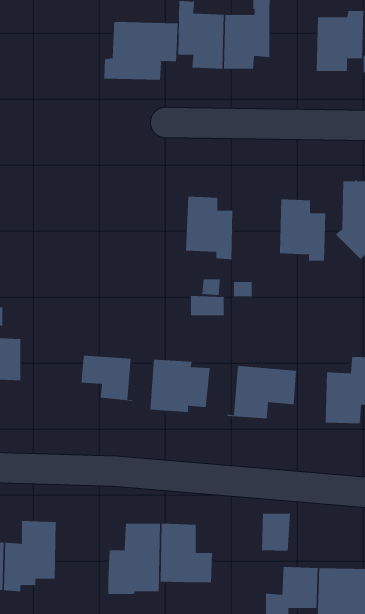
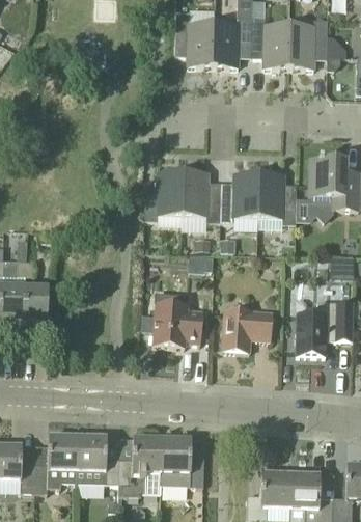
building: none -> [251,16,289,67]
building: [104,21,178,80] -> none
building: none -> [144,169,184,219]
building: none -> [220,171,259,221]
building: [81,355,133,401] -> none
building: [261,513,290,551] -> none
building: none -> [76,435,119,483]

